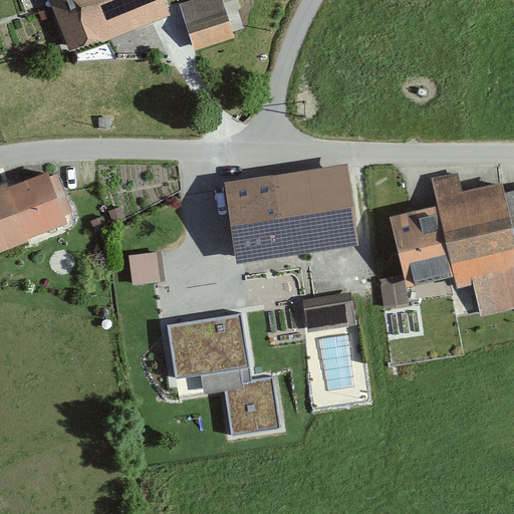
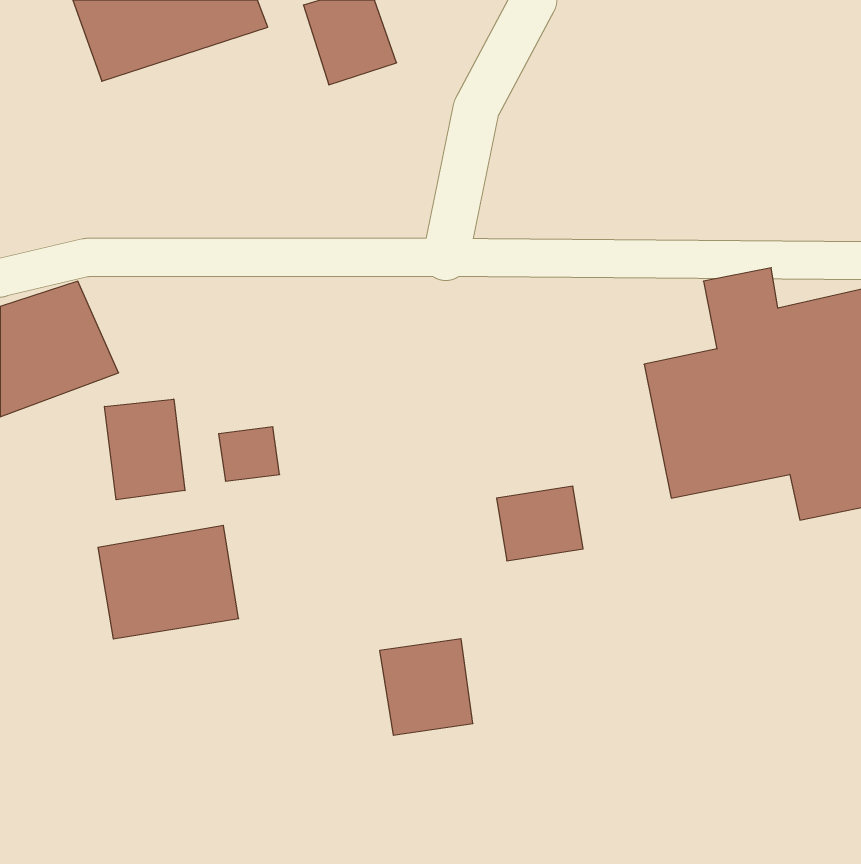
building: [217,163,353,262] -> none
building: none -> [105,399,185,500]
building: [170,313,253,380] -> [98,525,239,639]

